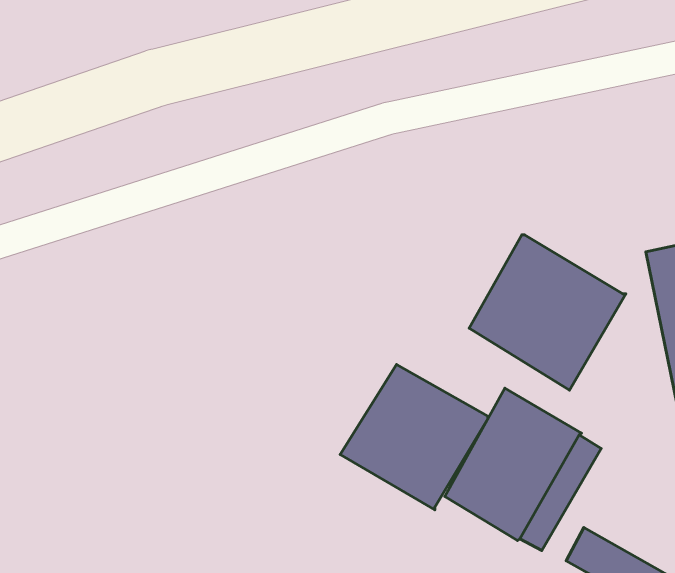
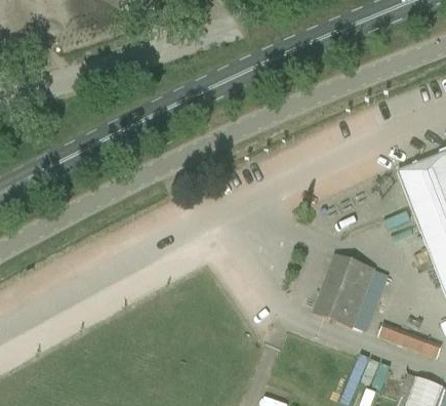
building: [469,235,626,390] -> none
building: [340,365,488,510] -> none

